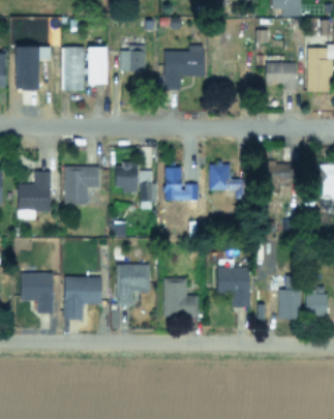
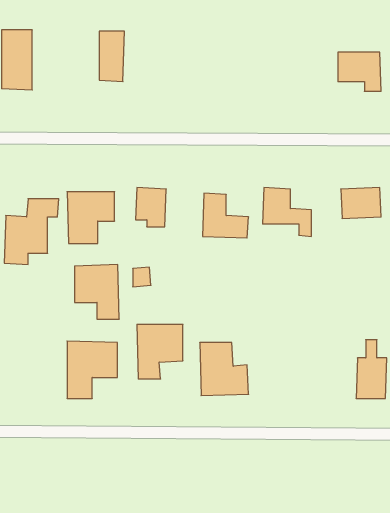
building: [121,46,145,71] -> none
building: [163,46,205,90] -> none
building: [63,47,84,91] -> none
building: [140,171,157,201] -> none
building: [217,268,250,307] -> none
building: [21,273,54,313] -> [75,265,119,319]

